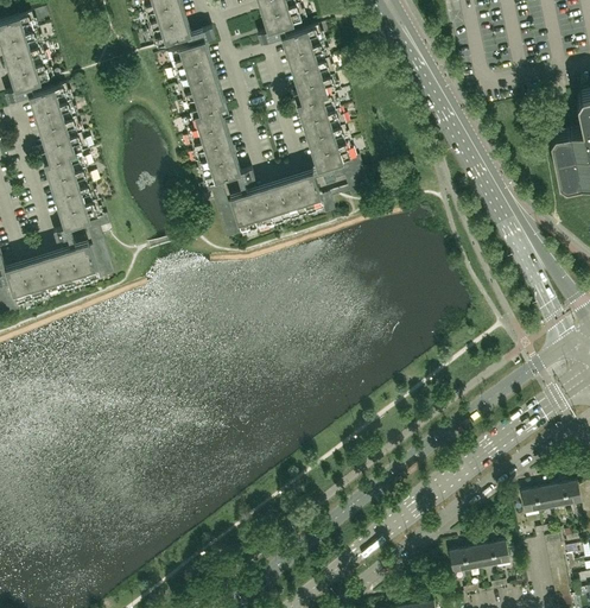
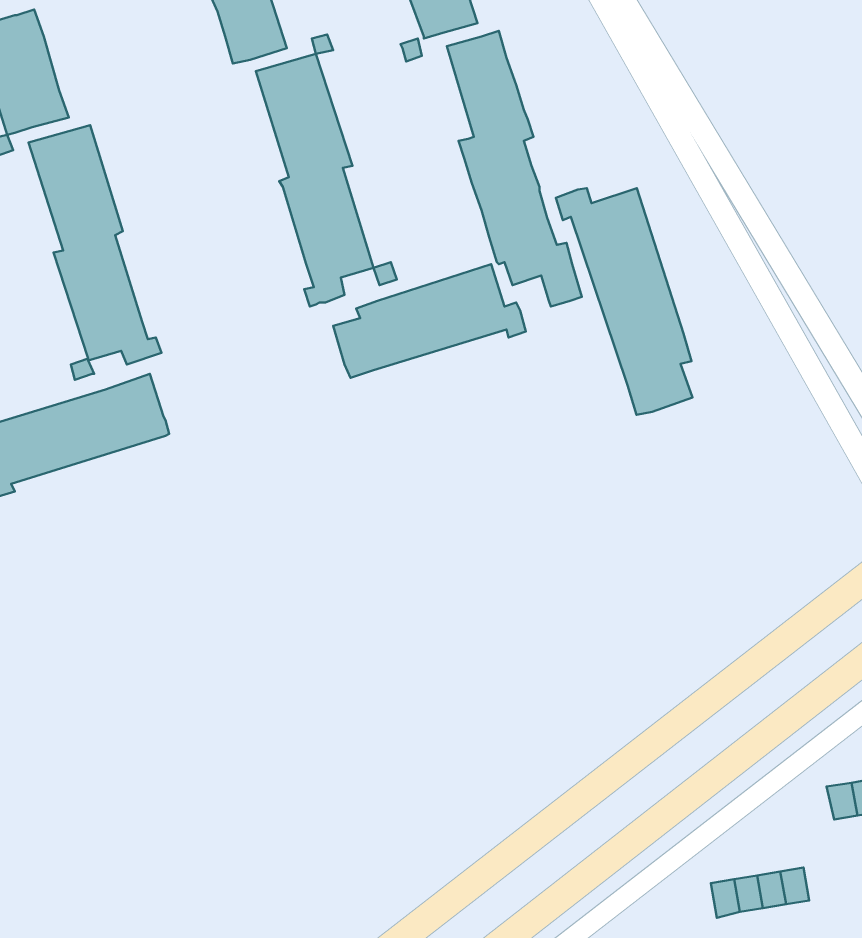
building: none -> [556,188,693,415]

